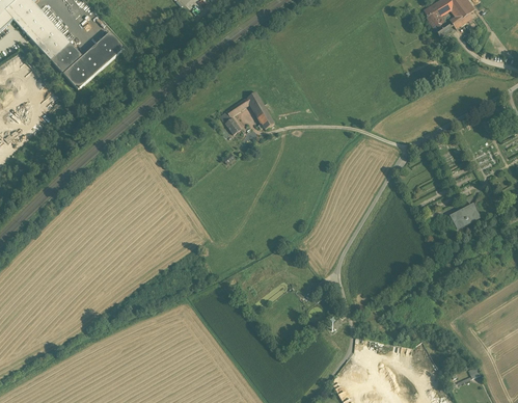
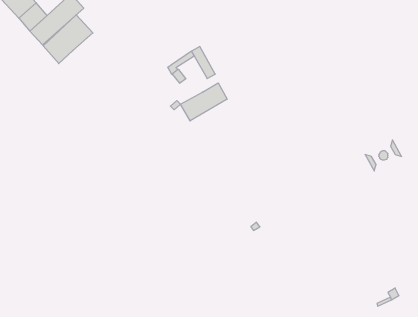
building: none -> [43,15,93,64]
building: none -> [181,83,227,121]

